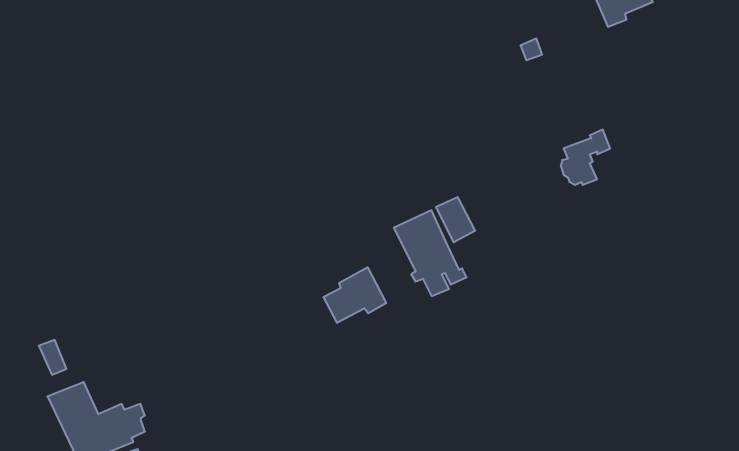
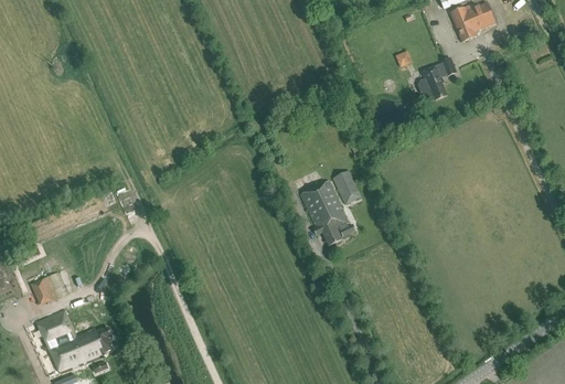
building: [561,130,610,185] -> [419,57,457,99]
building: [324,267,386,323] -> none

